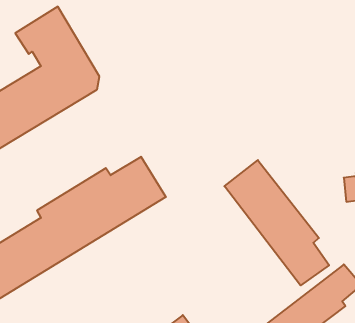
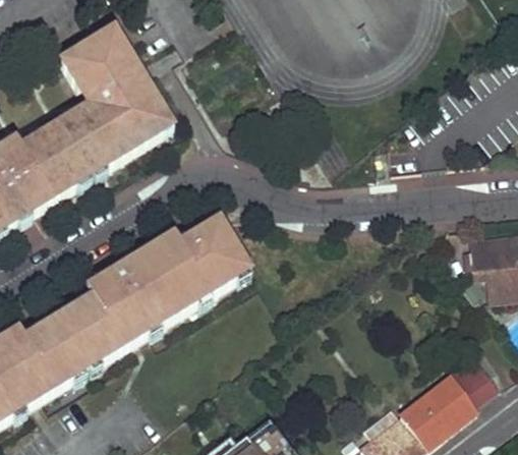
building: [224,160,329,285] -> none

